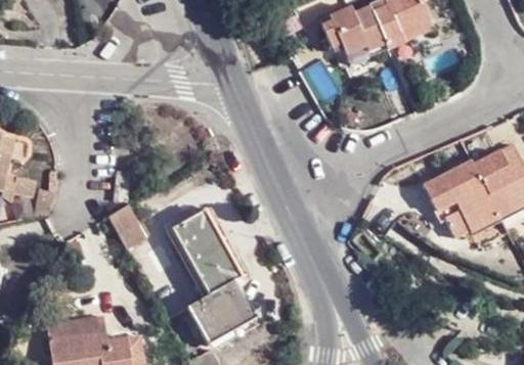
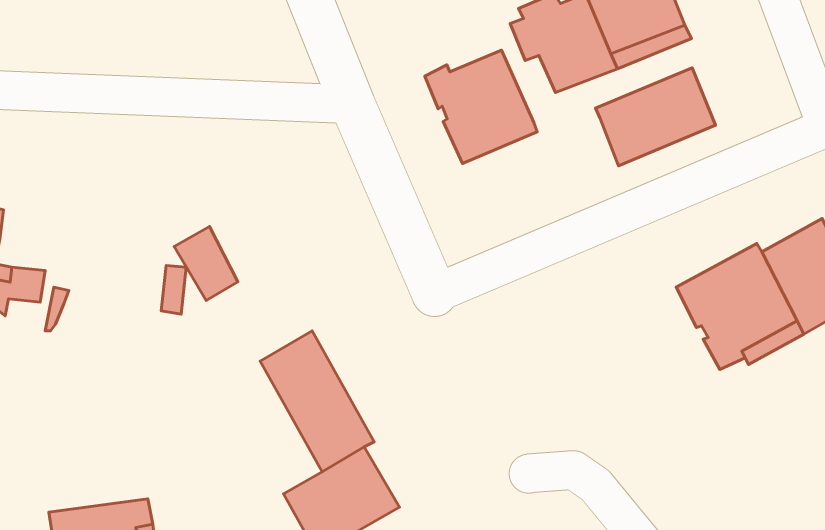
building: none -> [425,50,537,163]
building: none -> [595,68,715,166]
building: [105,204,144,249] -> [174,226,238,300]

